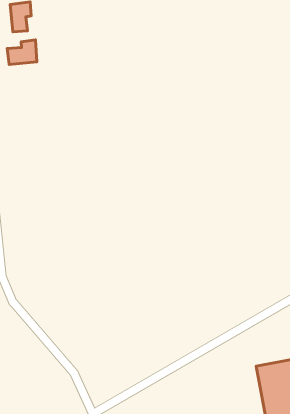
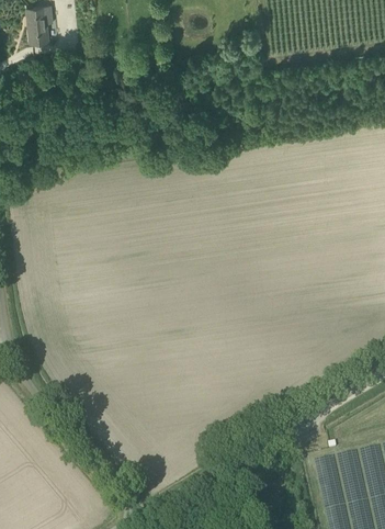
building: [7,40,37,65] -> none

